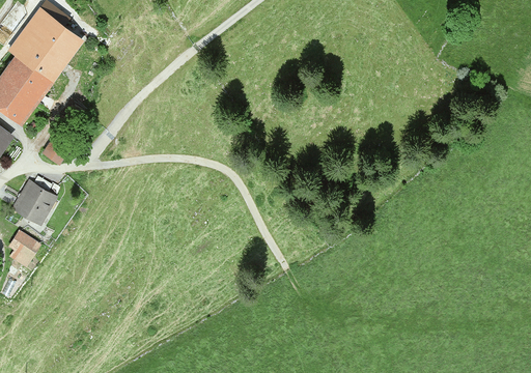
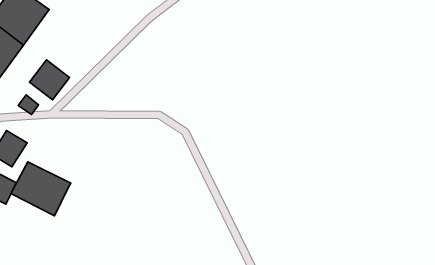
building: none -> [29,60,69,100]
building: none -> [11,162,71,216]

